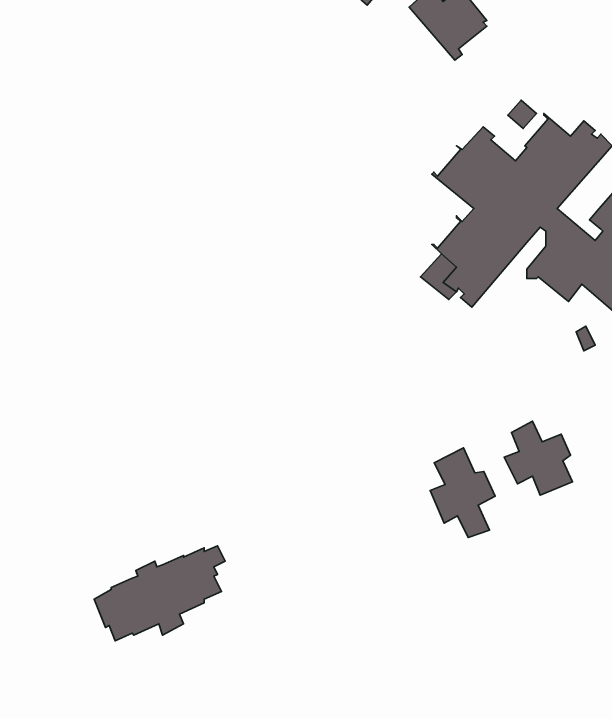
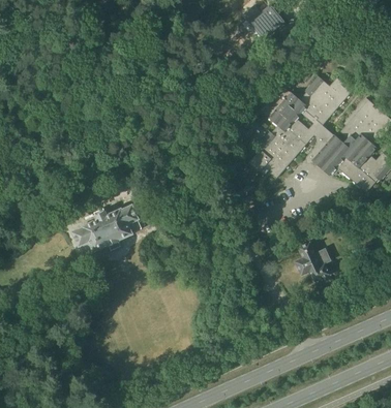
building: [430,448,495,538] -> none
building: [94,546,225,641] -> [72,202,144,254]

